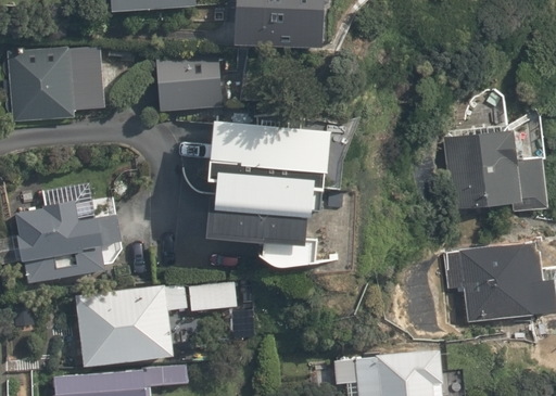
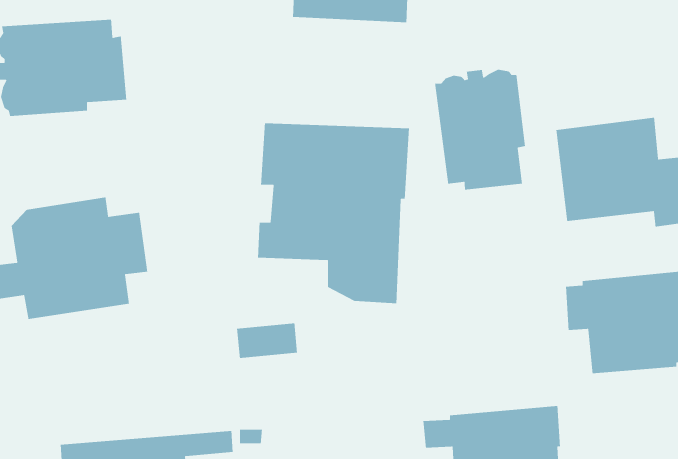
building: [162,53,228,115] -> none
building: none -> [434,69,526,190]
building: [76,284,188,366] -> none

